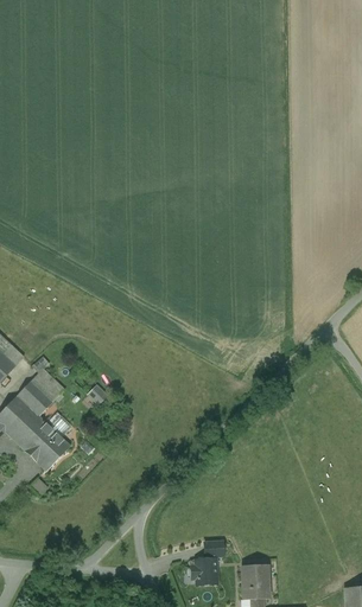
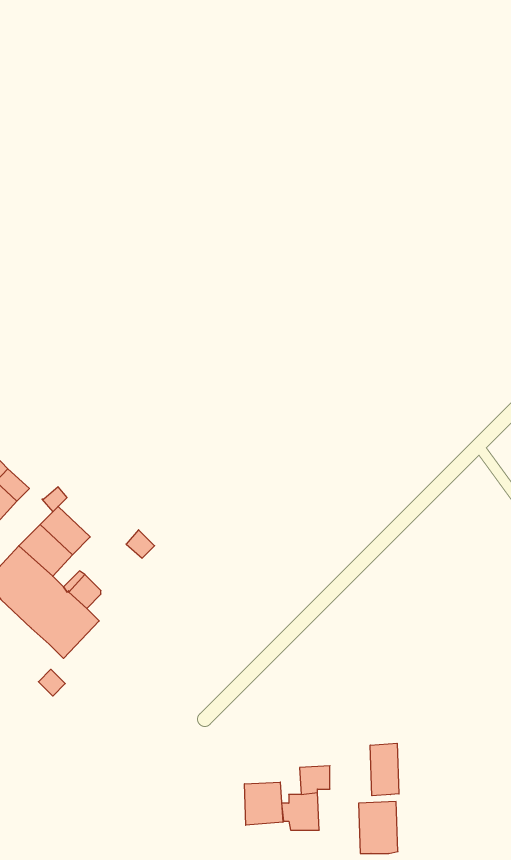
building: none -> [370,743,399,796]
building: none -> [245,782,283,825]

